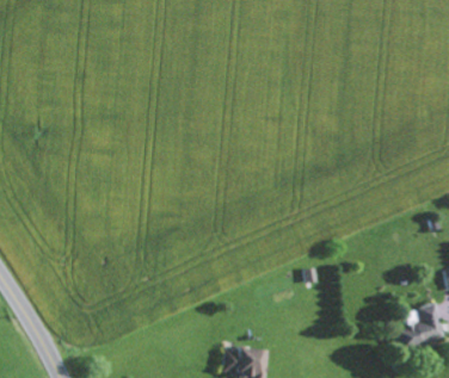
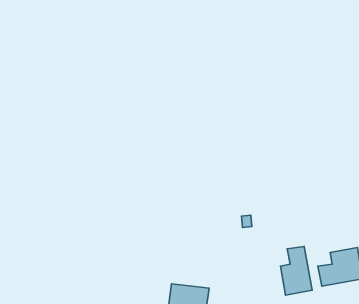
building: none -> [280,246,312,295]

